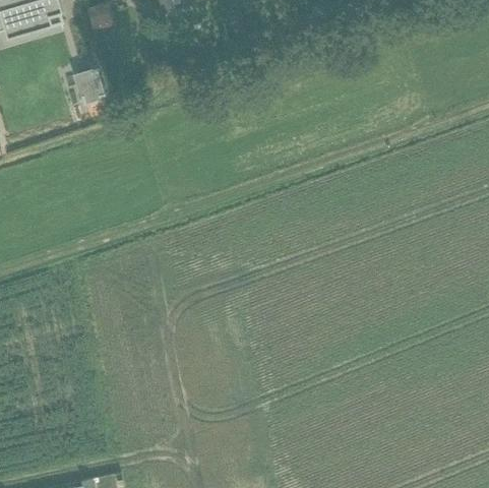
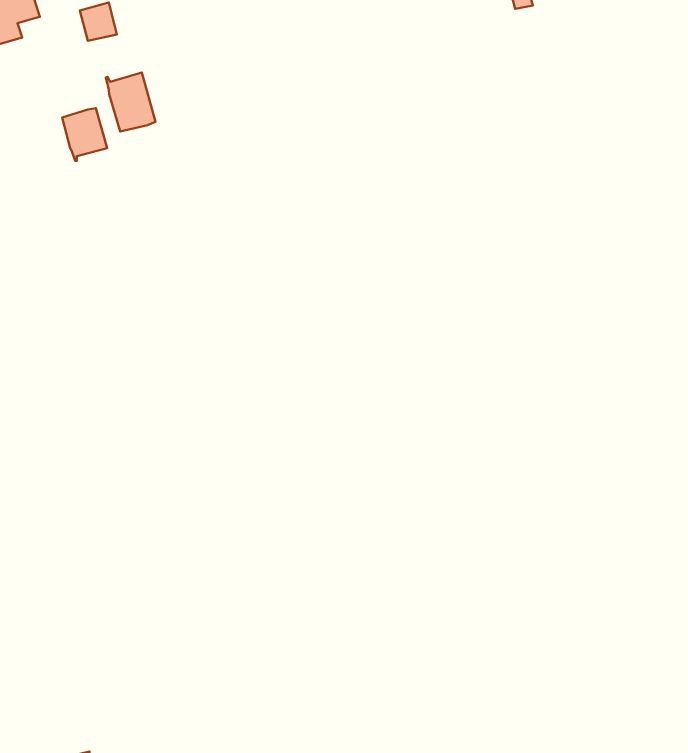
building: none -> [106,72,156,132]

